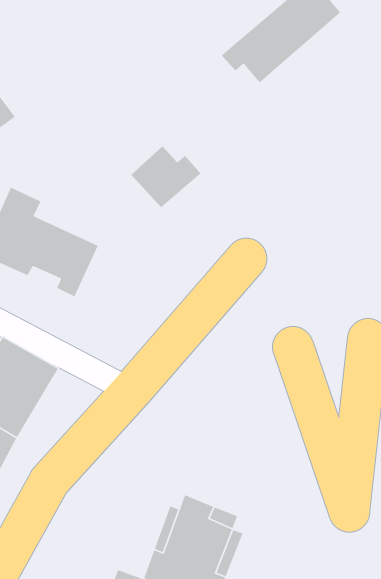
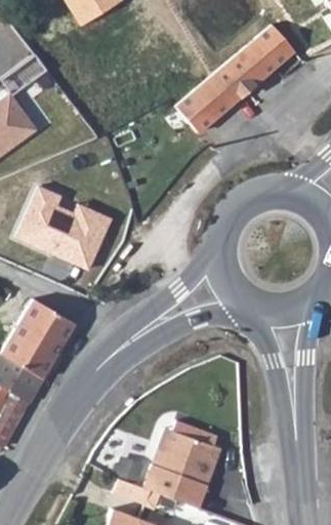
building: [130,145,201,208] -> [176,85,231,133]

